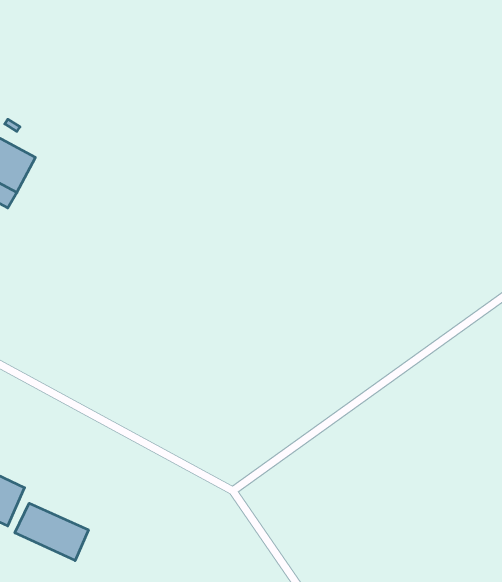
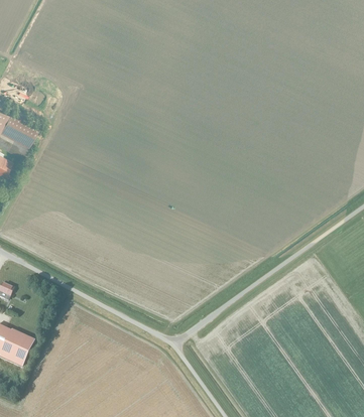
building: [15,503,88,561] -> none

